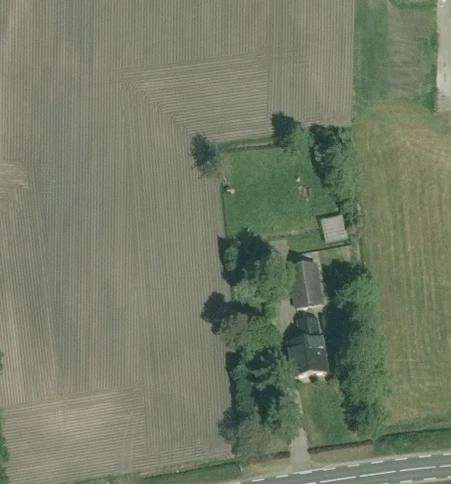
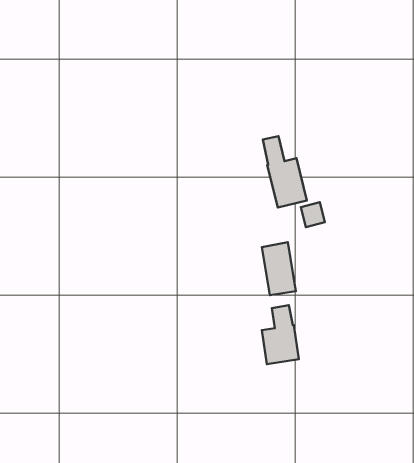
building: none -> [263,136,307,207]

